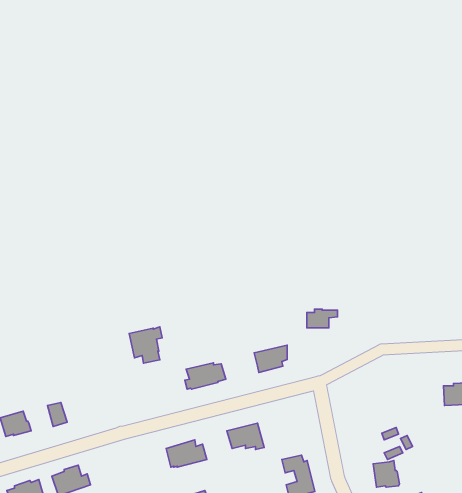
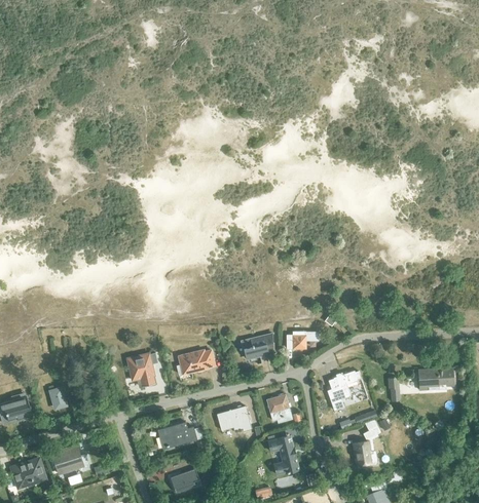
building: [307,309,337,328] -> [286,332,315,349]
building: [129,327,162,363] -> [128,356,159,390]
building: none -> [328,371,361,411]
building: none -> [265,393,293,424]

